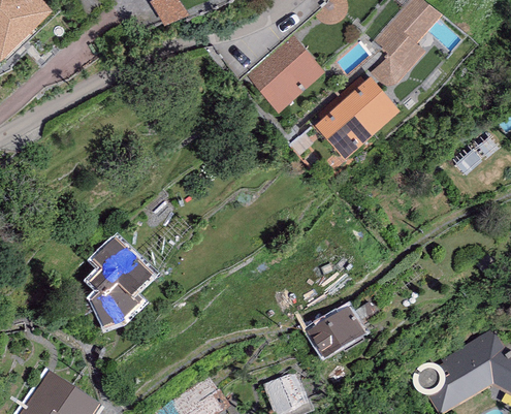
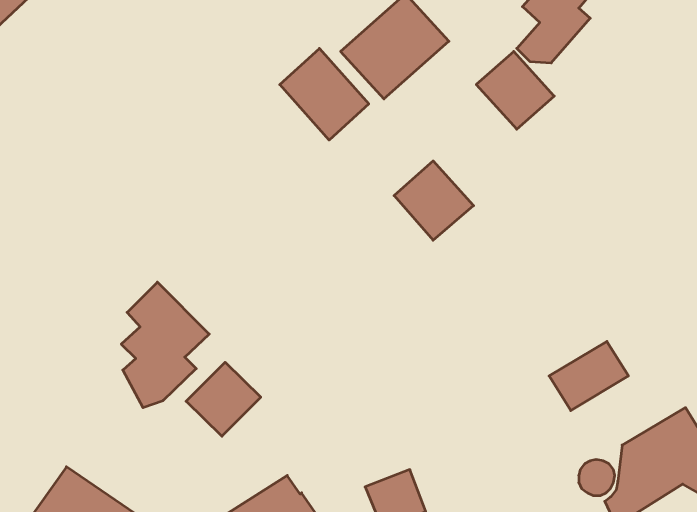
building: none -> [280,48,369,140]
building: [315,99,372,156] -> [394,161,474,240]
building: none -> [186,362,261,436]
building: [308,311,364,360] -> [549,341,628,411]

